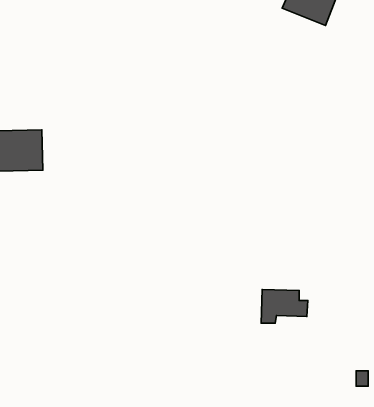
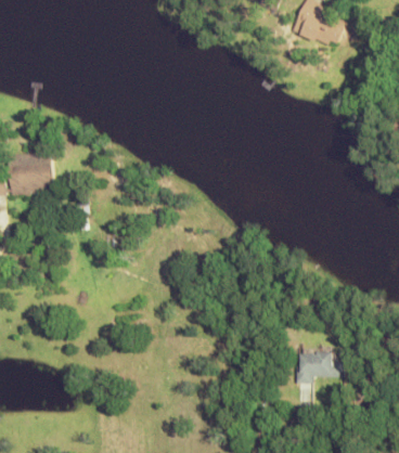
building: [261,289,308,323] -> [295,351,342,385]

